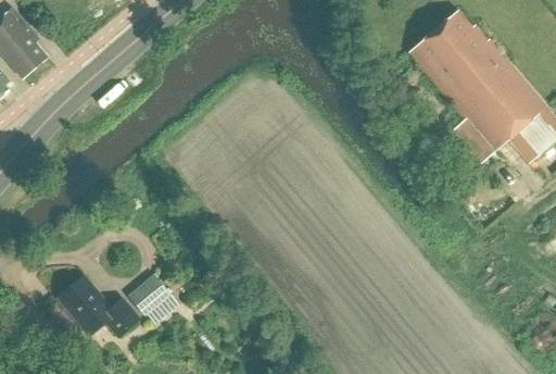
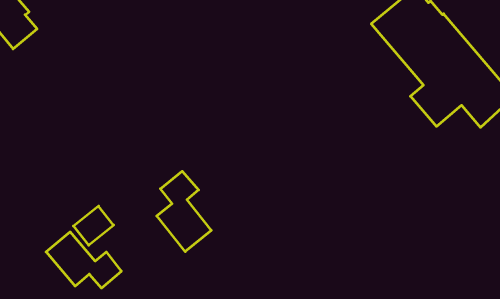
building: none -> [157,171,211,252]
building: [126,276,169,319] -> [73,206,114,245]

